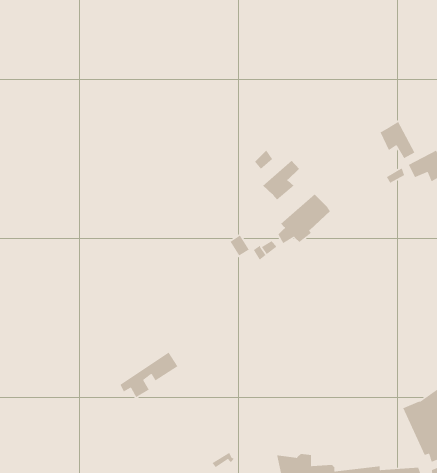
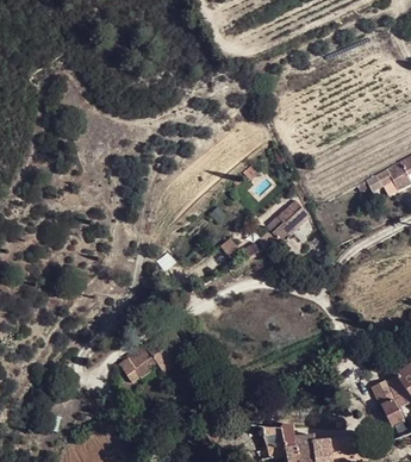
building: [379,121,415,159] -> none
building: [262,160,300,200] -> none

